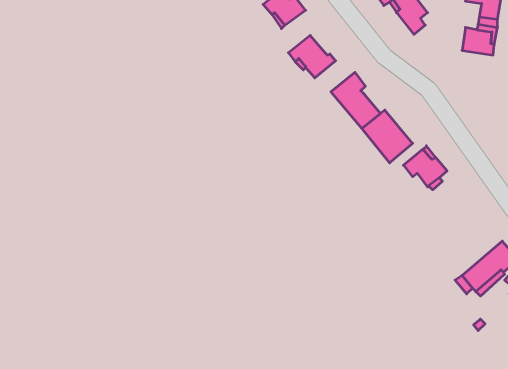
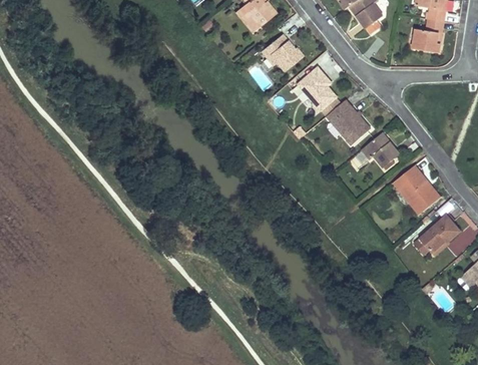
building: none -> [393,165,440,214]

